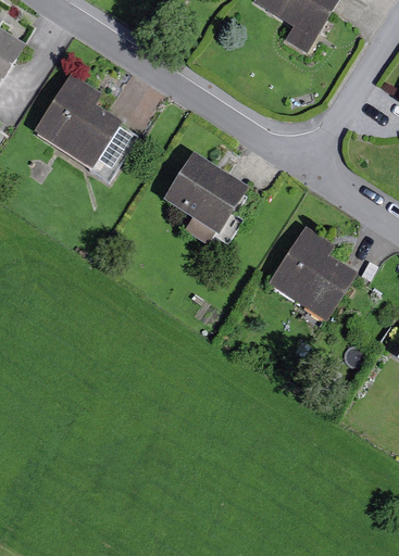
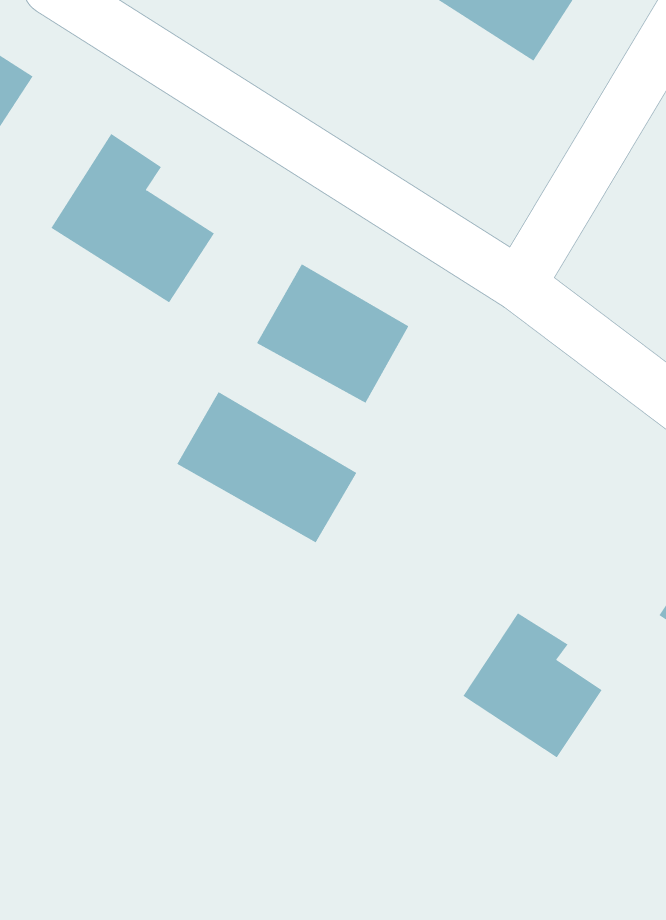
building: none -> [177,391,357,543]
building: [275,229,356,313] -> [463,613,602,758]

